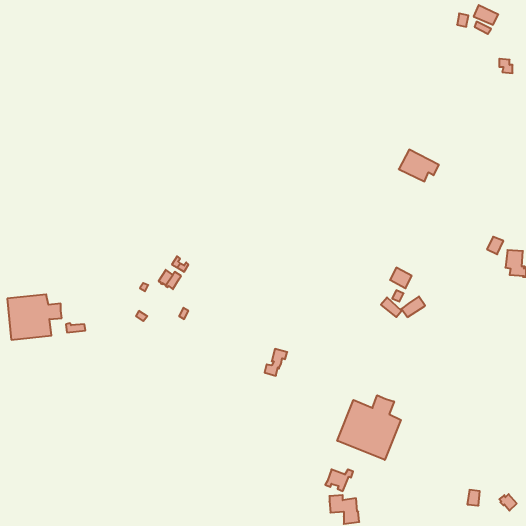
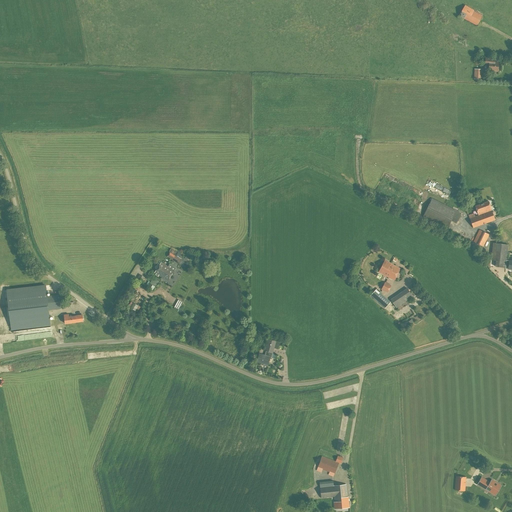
building: [399,150,439,181] -> [422,198,461,229]
building: none -> [468,202,495,228]
building: [337,395,401,460] -> none

